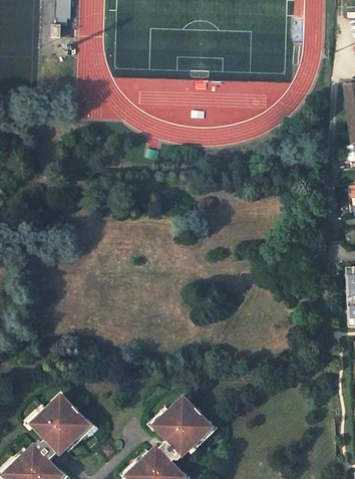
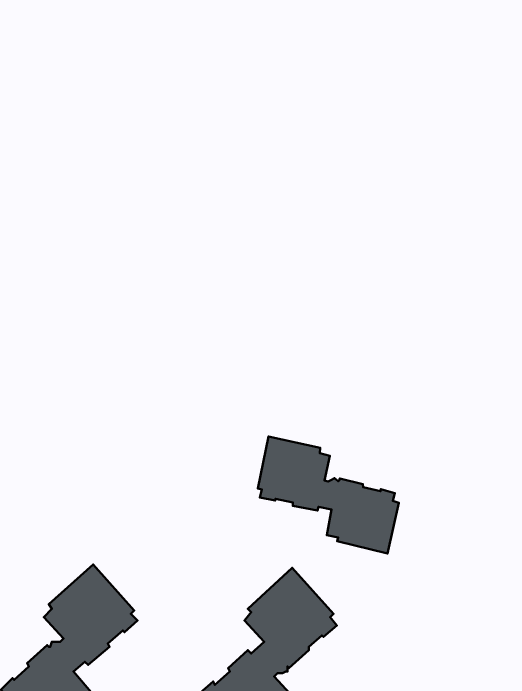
building: none -> [258,436,399,554]

